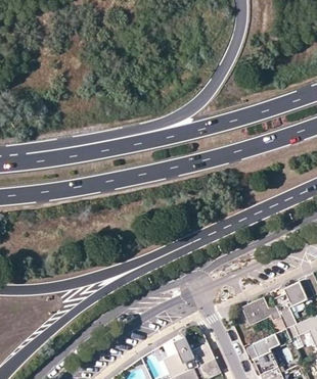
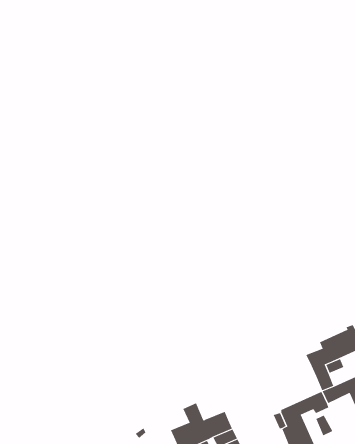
building: [241,295,281,325] -> none

